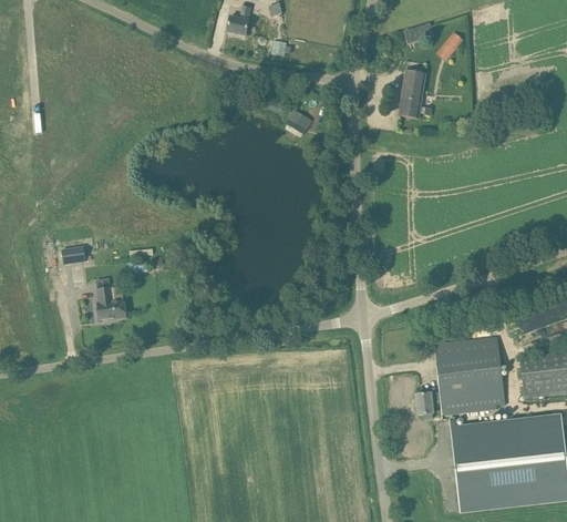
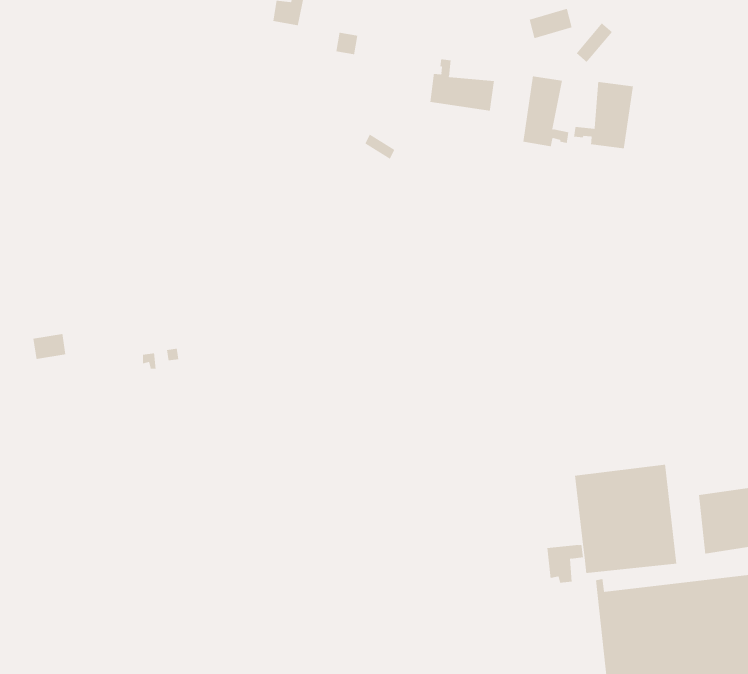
building: none -> [430,58,494,111]
building: none -> [574,81,633,149]
building: [96,287,126,319] -> none

